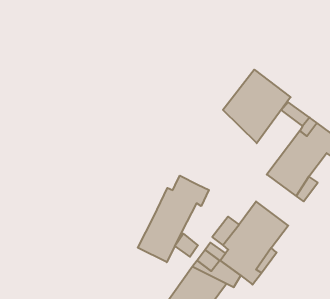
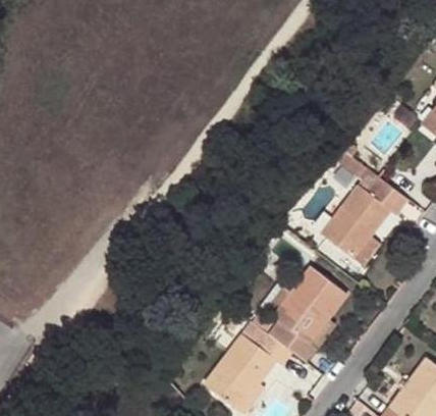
building: [223,70,291,143] -> none
building: [138,176,209,262] -> none

